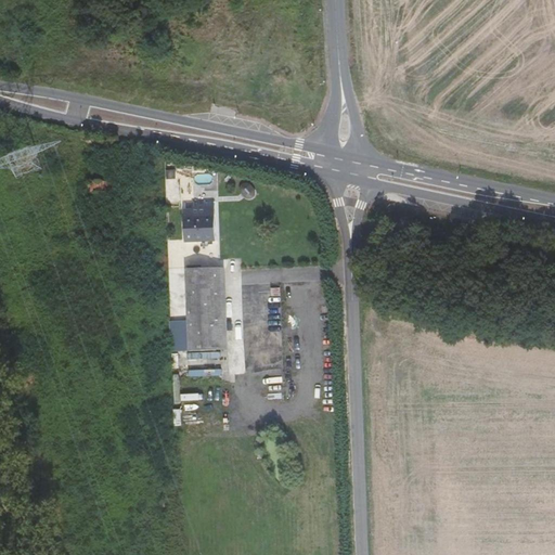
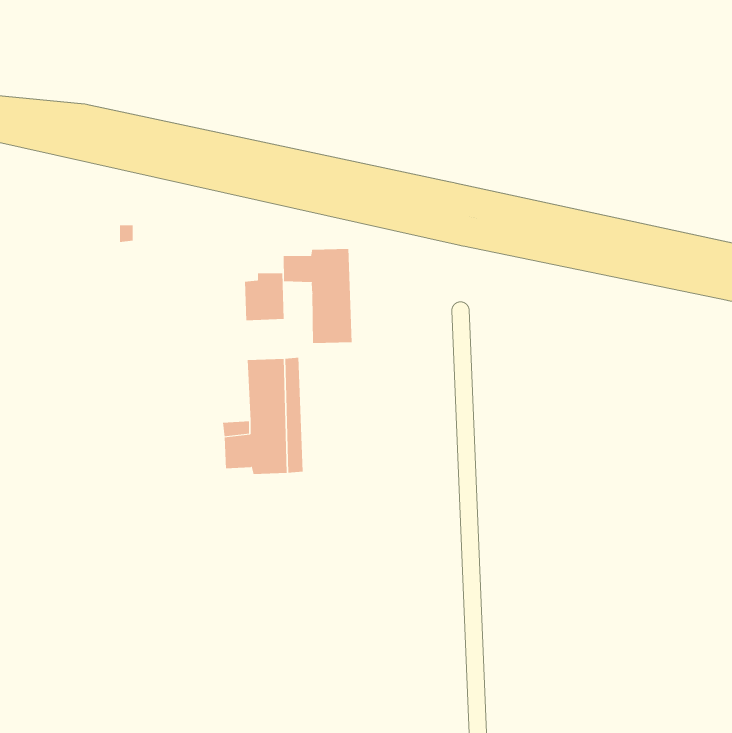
building: none -> [283,248,352,344]

